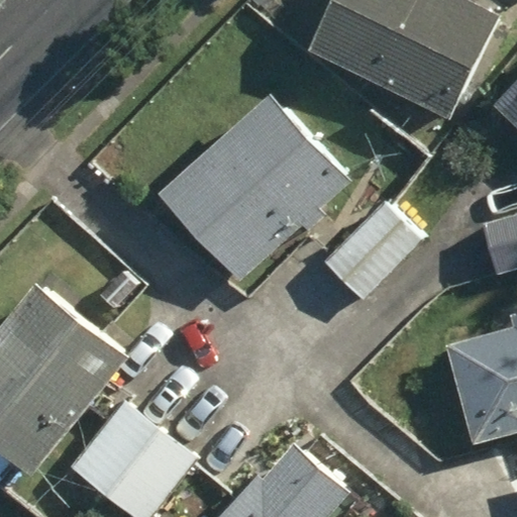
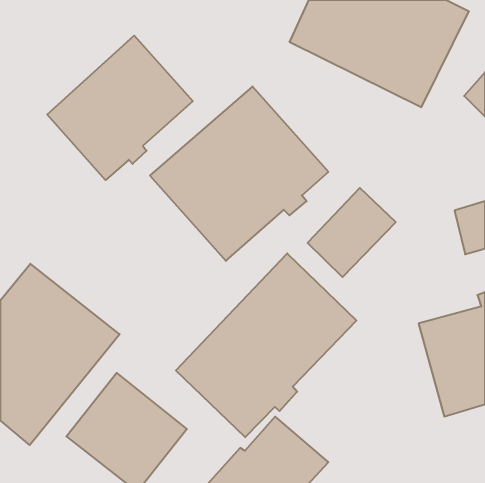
building: none -> [47,36,193,180]
building: none -> [176,253,356,437]

